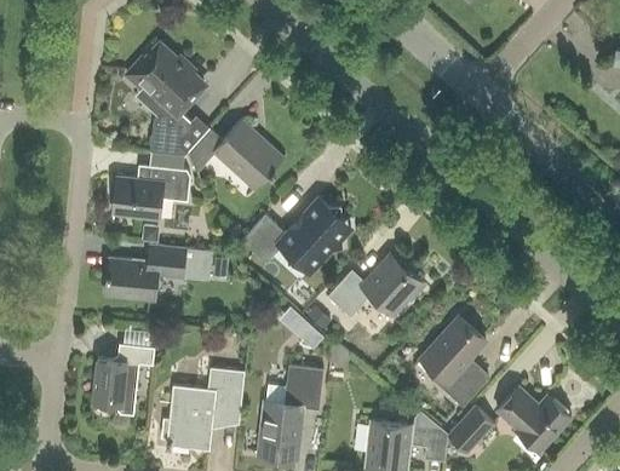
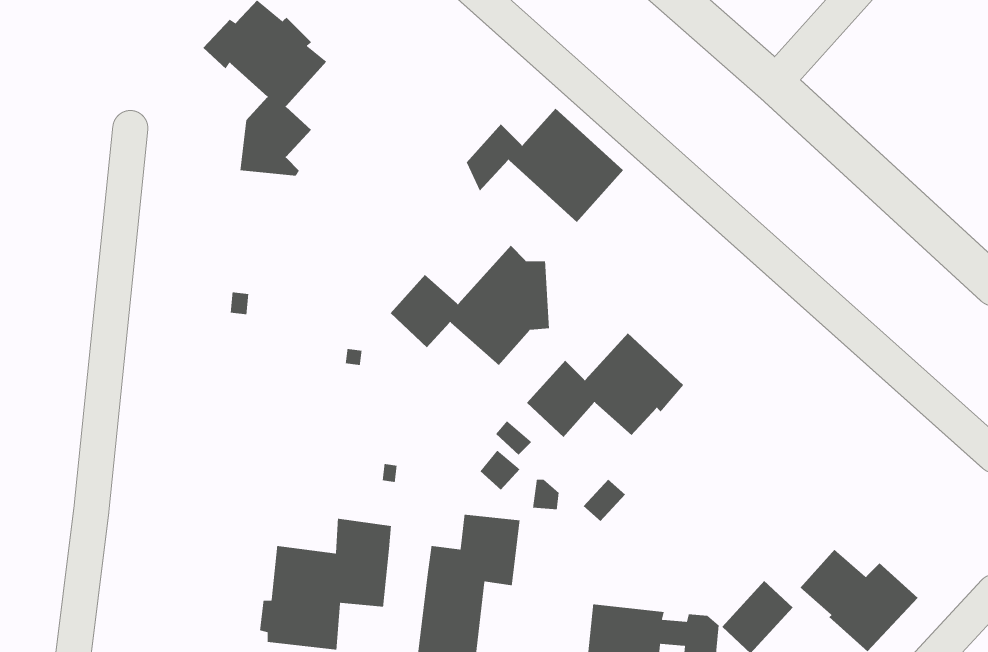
building: [186,117,285,189] -> [466,108,624,223]
building: [111,166,190,218] -> none
building: [103,245,211,301] -> none
building: [420,317,488,407] -> none
building: [92,344,154,414] -> none

